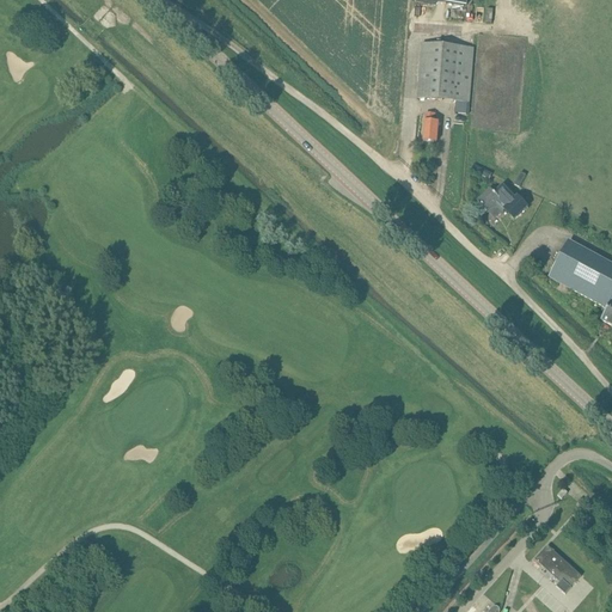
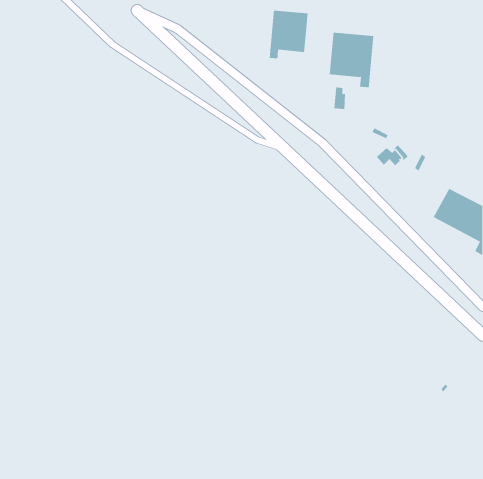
building: none -> [269,10,308,59]
building: [534,543,581,592] -> none

